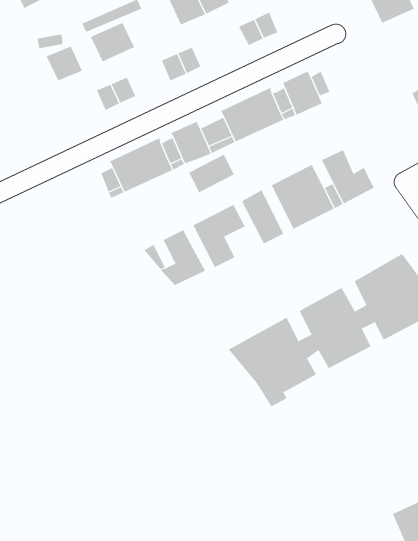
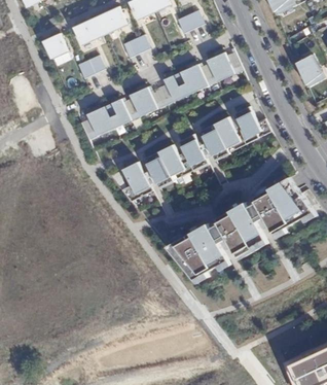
building: none -> [97,6,128,34]
building: [188,154,235,193] -> none

